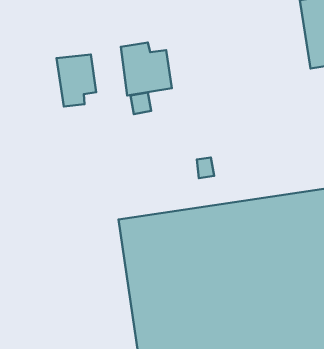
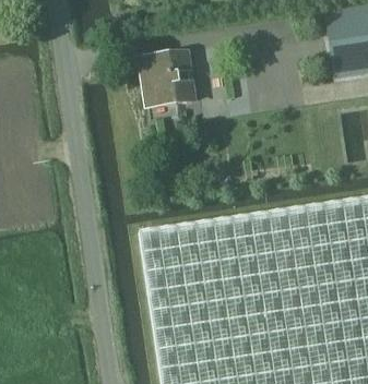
building: [56,54,96,107] -> none

